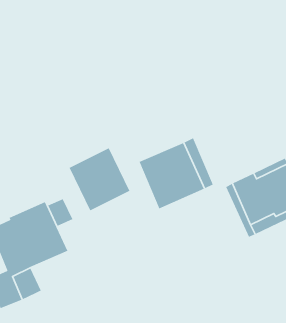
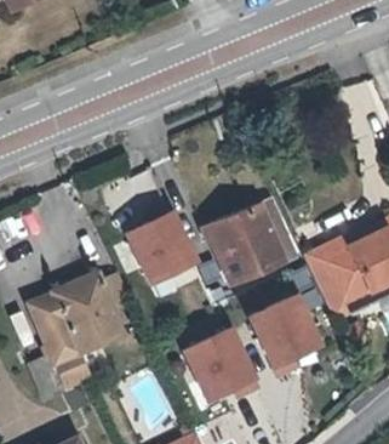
building: none -> [247,296,321,371]
building: none -> [182,328,256,403]

